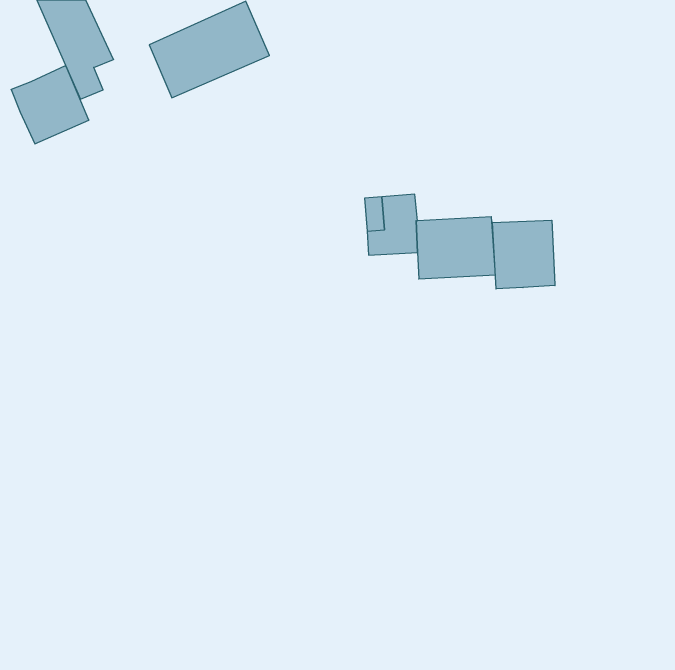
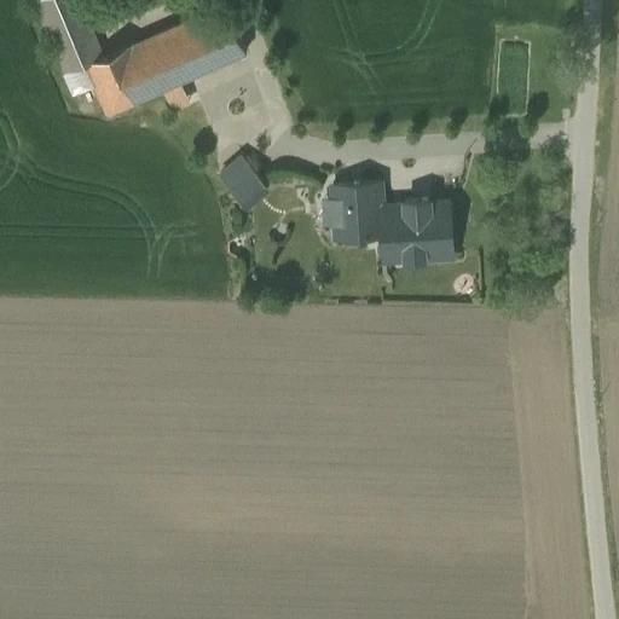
building: [11,66,89,144] -> [86,45,157,116]
building: none -> [218,154,268,209]
building: [493,220,555,289] -> none

